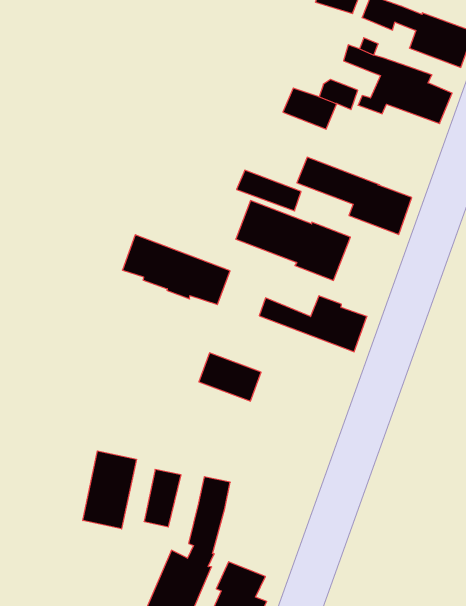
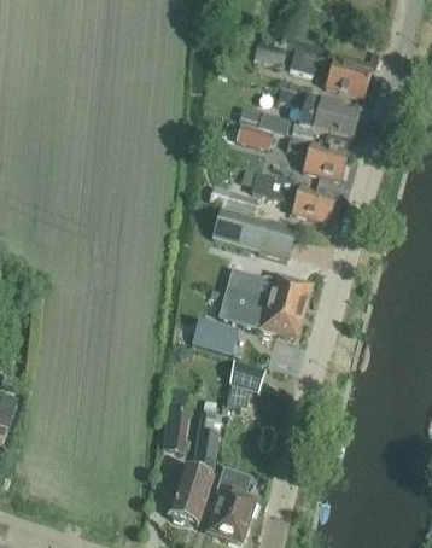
building: none -> [287,135,349,180]
building: [122,235,230,305] -> [226,290,304,336]
building: none -> [227,361,265,408]
building: [83,451,136,529] -> none

